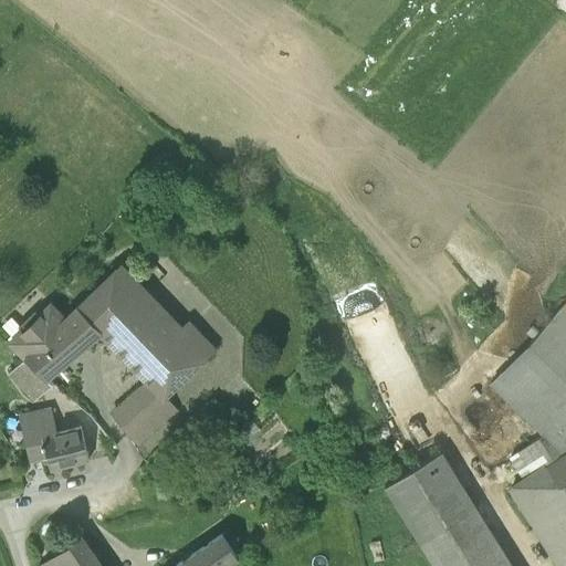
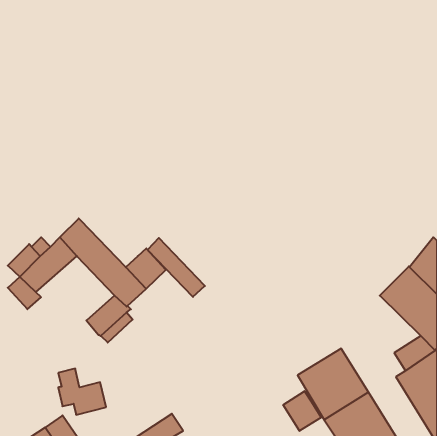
building: [104,271,178,347] -> [148,238,205,297]
building: [27,411,88,471] -> [58,369,106,415]
building: none -> [283,391,321,431]

